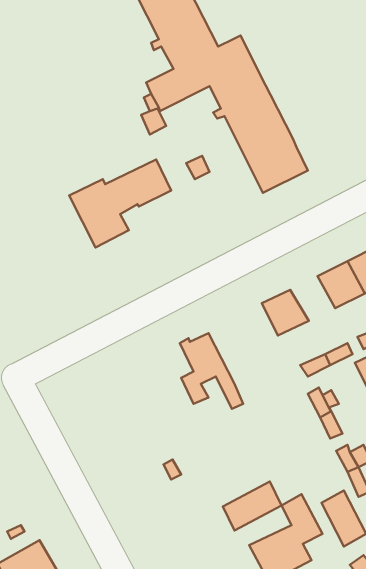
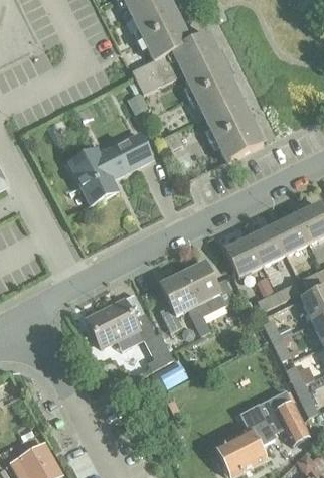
building: none -> [249,227,285,264]
building: none -> [182,260,235,315]
building: none -> [87,304,173,370]
building: [223,482,282,531] -> none

